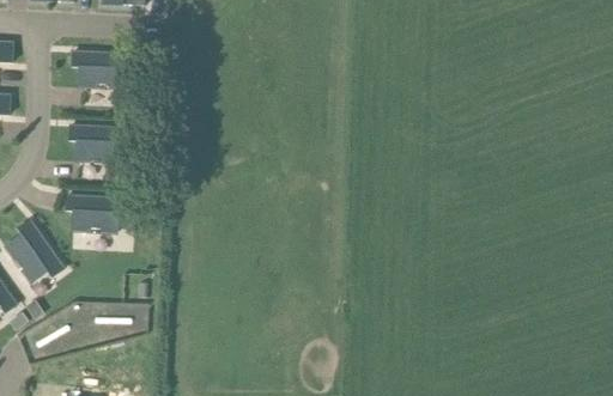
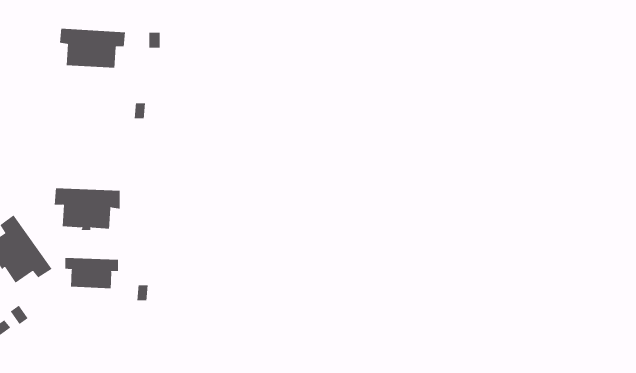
building: [67,126,127,164] -> none
building: none -> [65,257,119,289]

